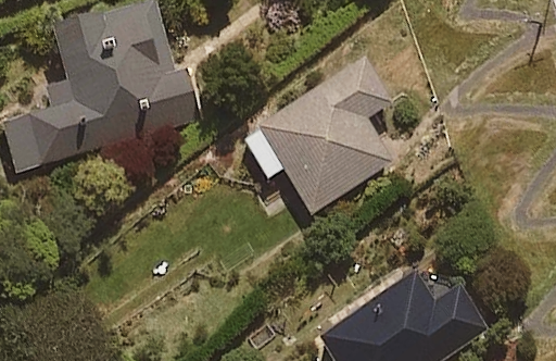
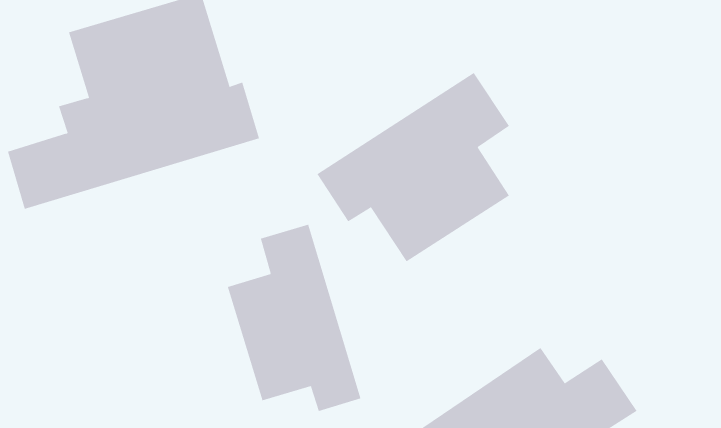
building: none -> [227,224,361,412]

